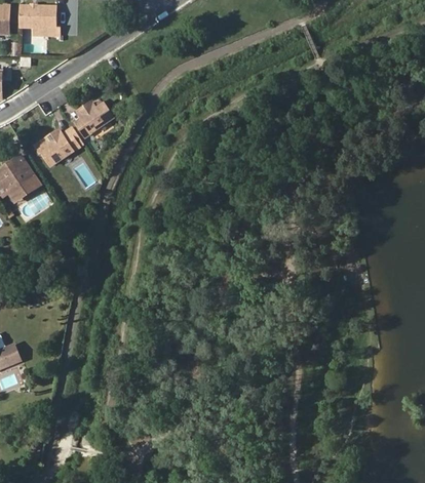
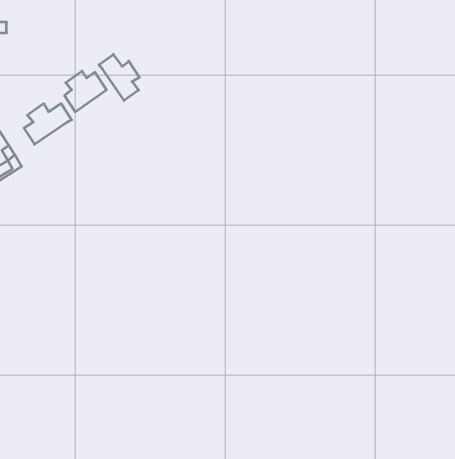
building: none -> [99,54,139,101]

